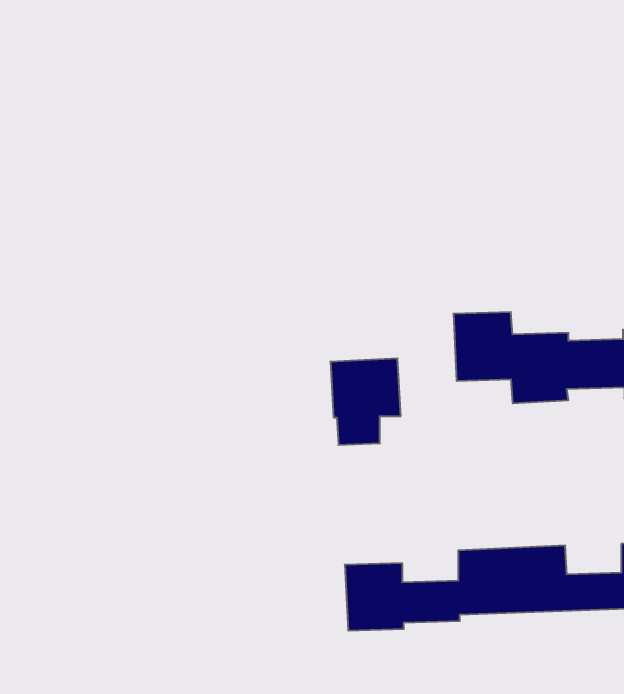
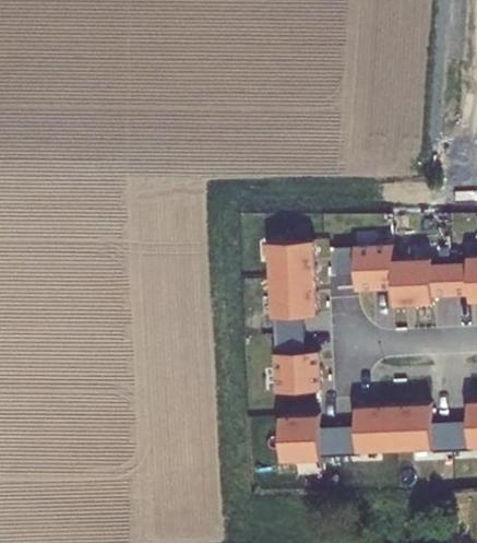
building: none -> [267,240,314,279]
building: none -> [272,334,319,394]

